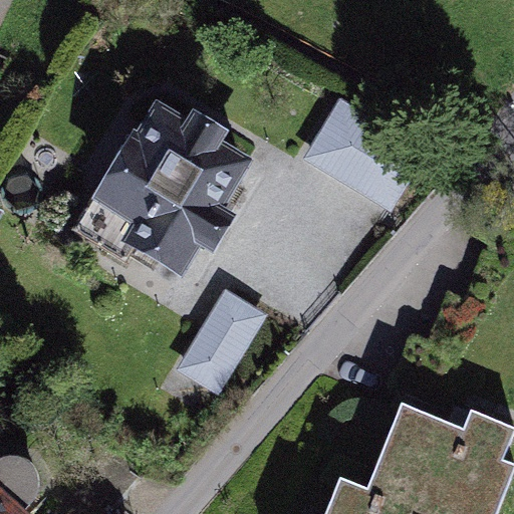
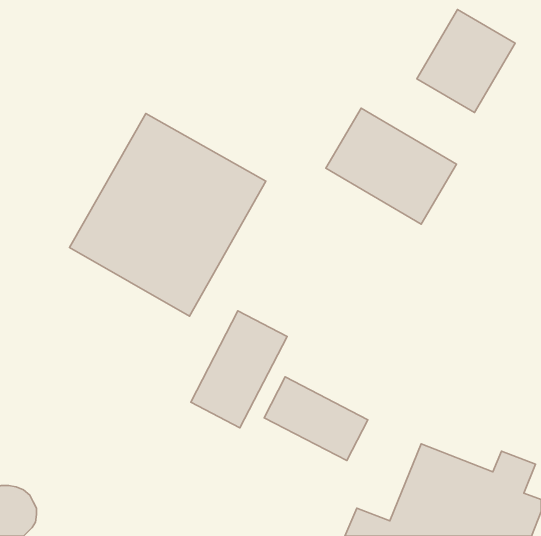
building: none -> [417,10,515,113]
building: none -> [264,377,368,461]

